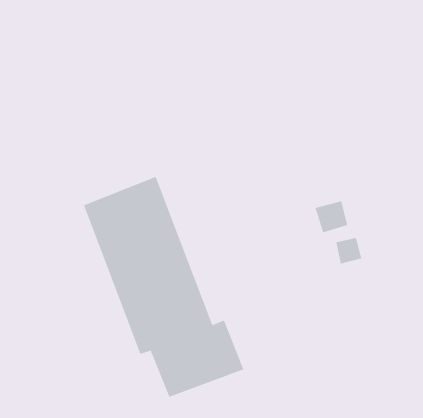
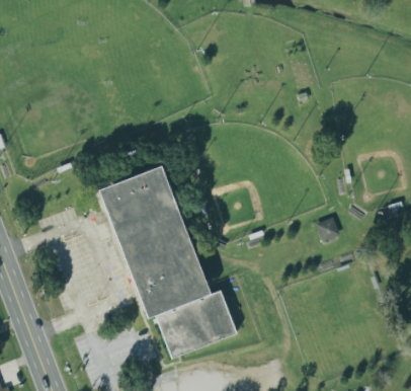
building: [315,200,348,233] -> none

